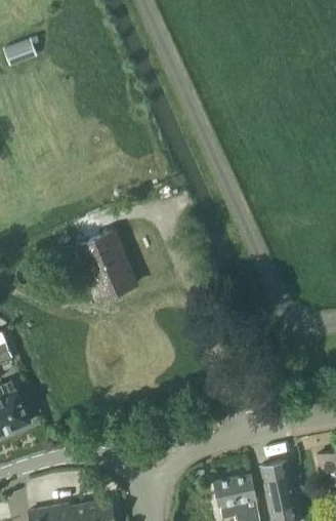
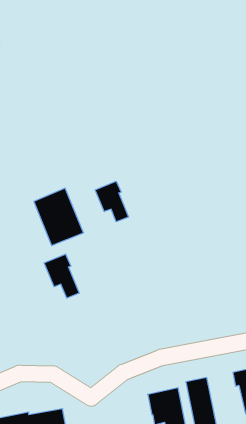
building: none -> [95,181,129,222]
building: none -> [44,254,79,298]

